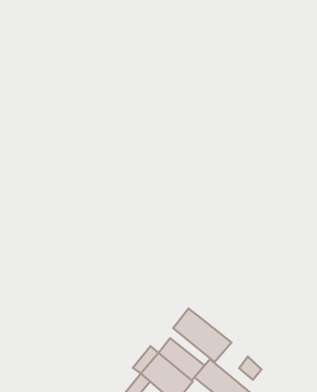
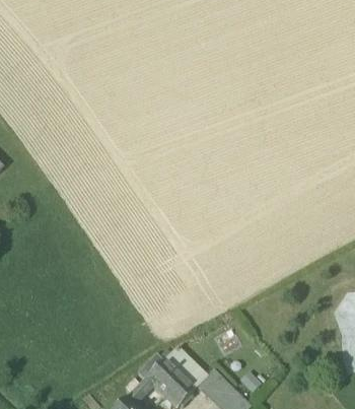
building: [173,309,231,362] -> none

